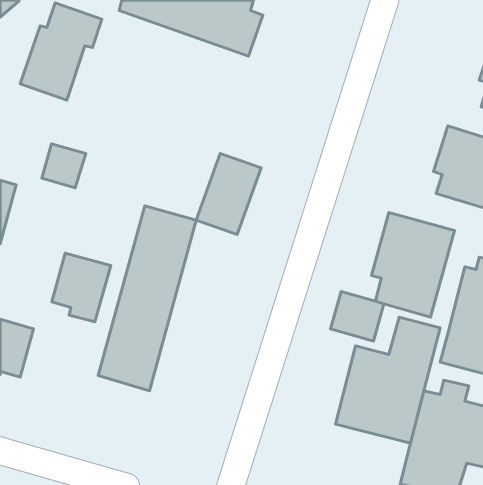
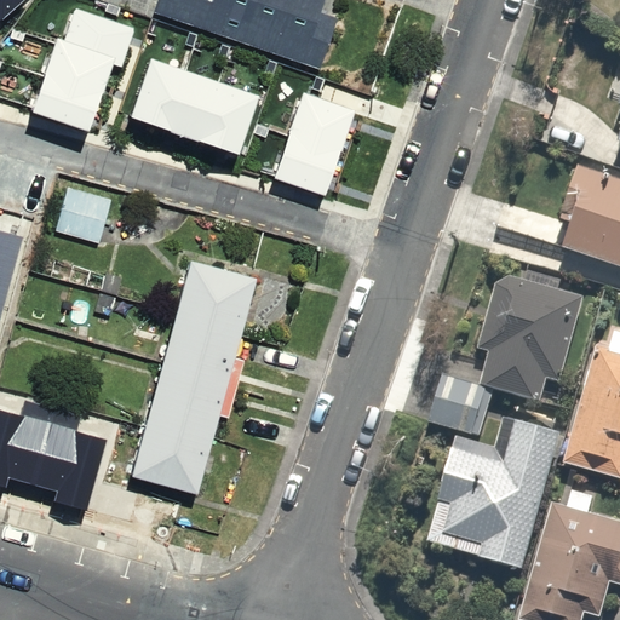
building: none -> [128,56,258,151]
building: [196,153,261,234] -> [272,91,355,194]
building: [52,253,111,322] -> [30,420,105,507]

